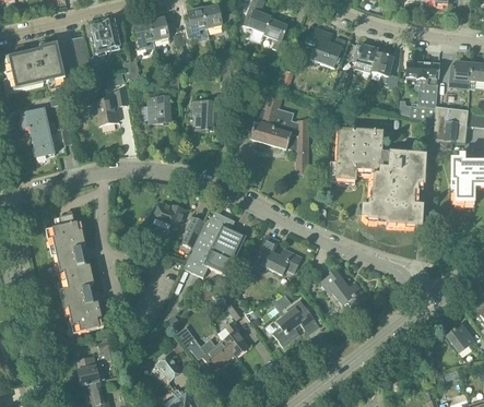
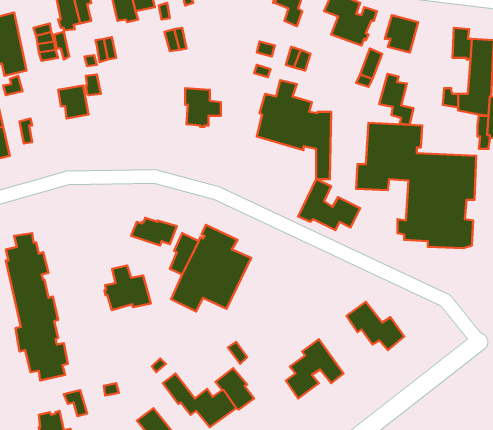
building: [371,47,399,87] -> [379,74,414,125]
building: [147,95,170,121] -> none
building: [252,232,302,273] -> [298,179,360,230]
building: none -> [105,266,151,310]

